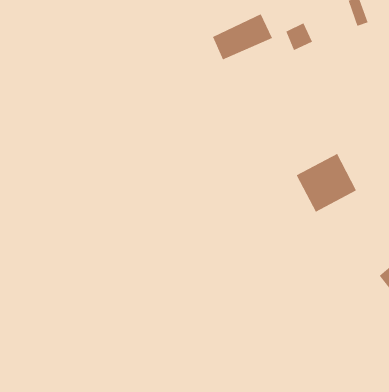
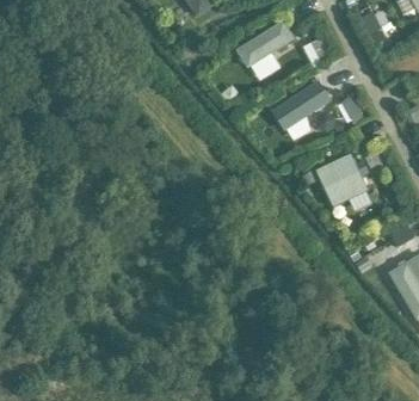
building: none -> [269,86,332,131]

